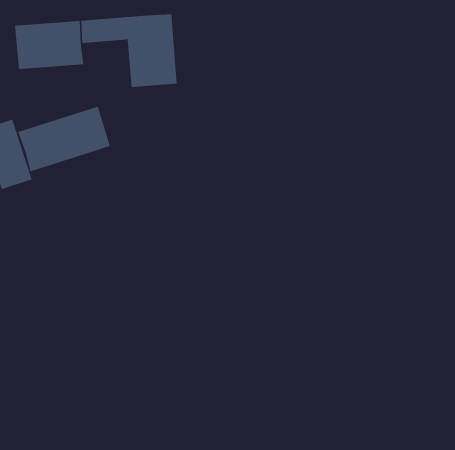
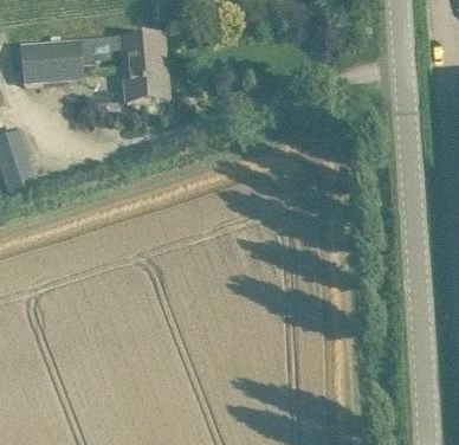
building: [18,106,111,172] -> none

